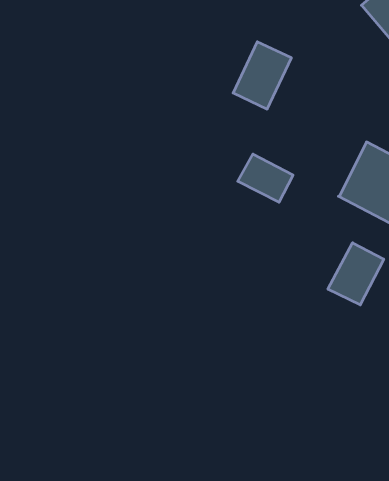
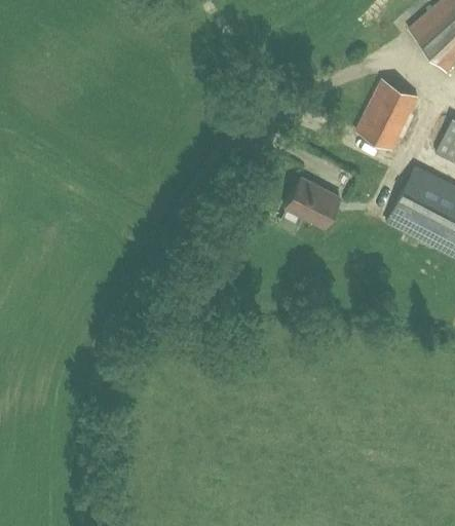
building: [233,42,291,109] -> [357,78,417,147]
building: [328,243,384,305] -> none

